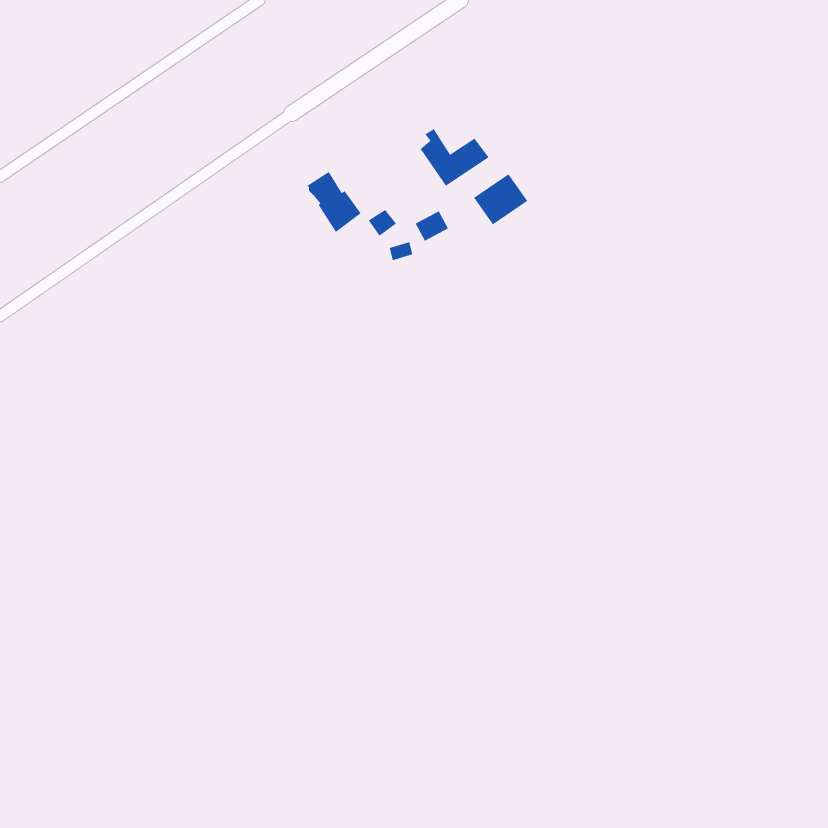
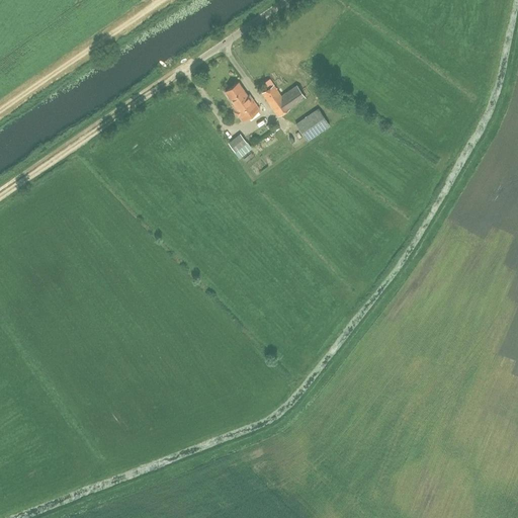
building: [306,171,362,233] -> [225,83,259,121]

